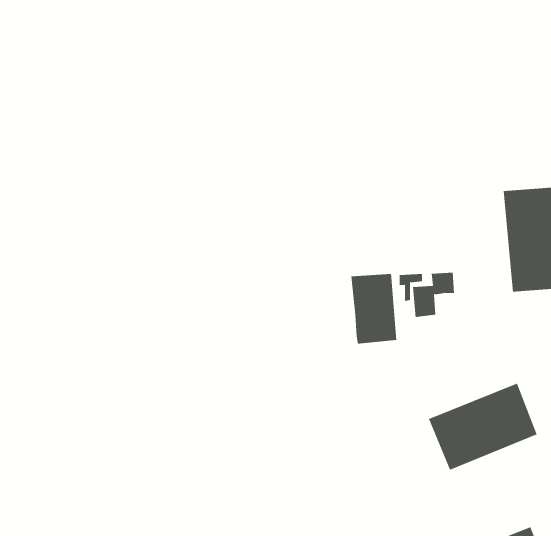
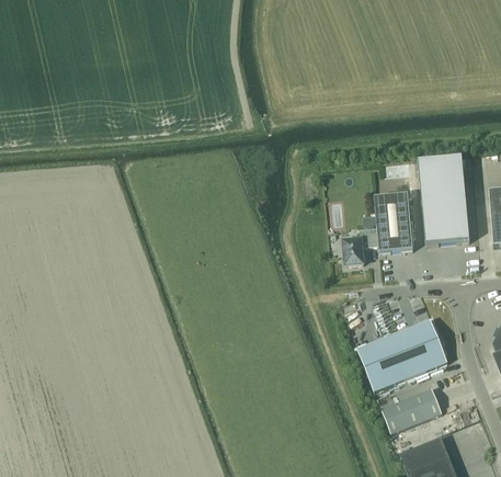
building: [350,274,397,344] -> [374,193,412,251]
building: none -> [380,387,442,432]

